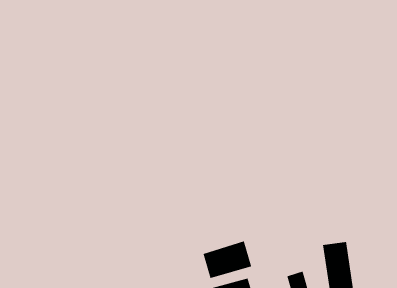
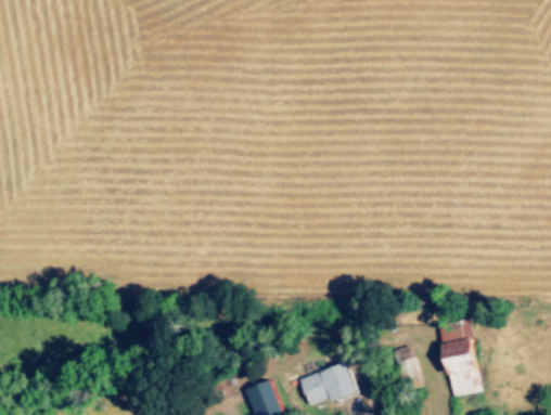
building: [203,241,252,279] -> none

